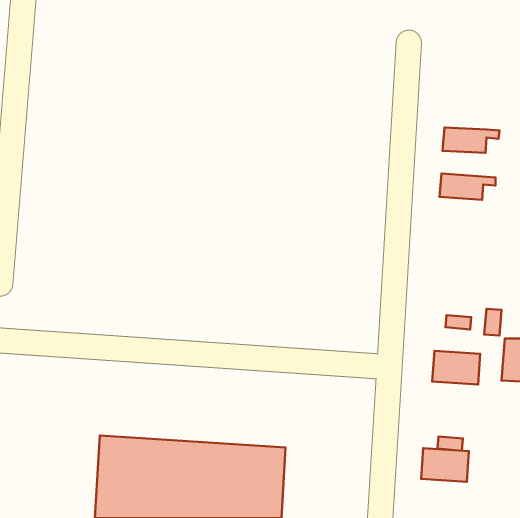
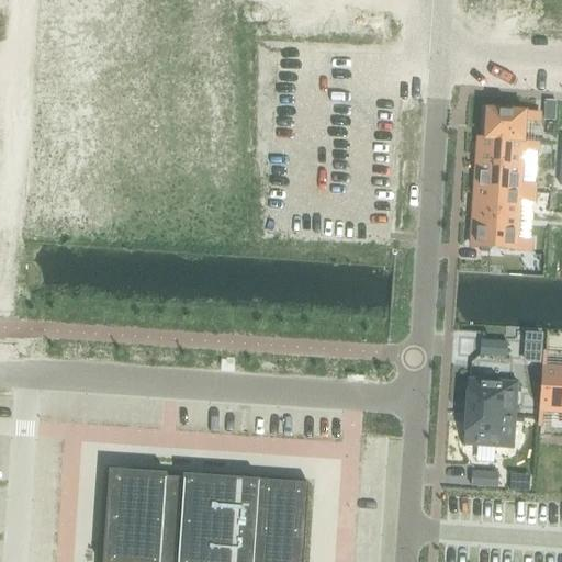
building: none -> [480,108,540,139]
building: none -> [476,162,536,191]
building: none -> [472,212,532,249]
building: [421,448,469,482] -> [464,411,516,447]

